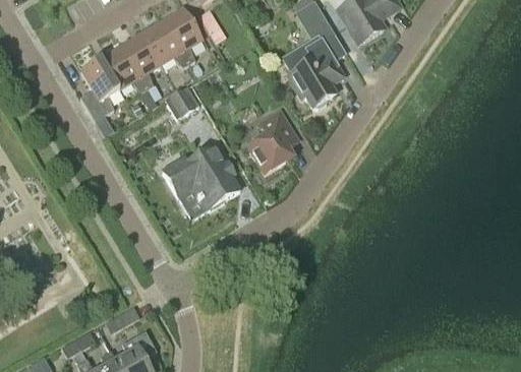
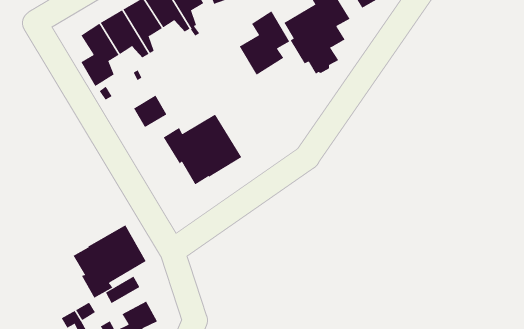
building: [165,85,198,118] -> [133,95,167,128]
building: [247,110,298,174] -> [239,10,290,75]
building: none -> [73,224,147,299]

